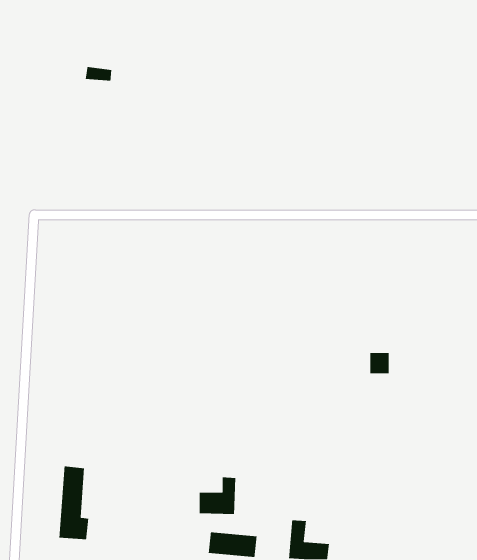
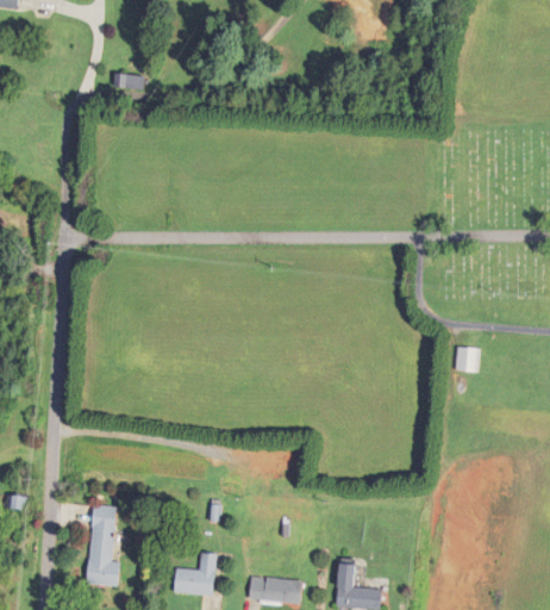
building: [370,352,389,374] -> [455,348,476,372]
building: [199,476,236,515] -> [175,553,215,595]

